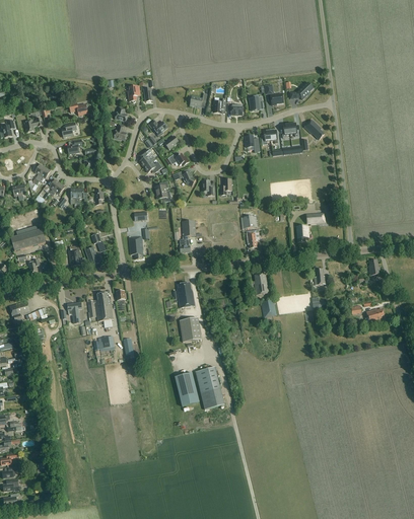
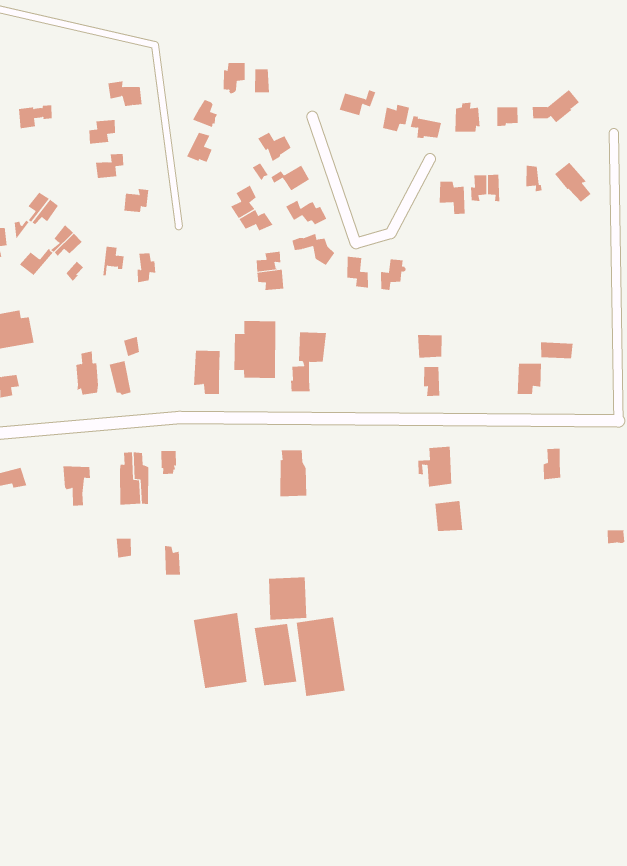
building: none -> [234,320,276,379]
building: [179,316,201,341] -> [268,577,307,620]
building: none -> [193,612,247,689]

